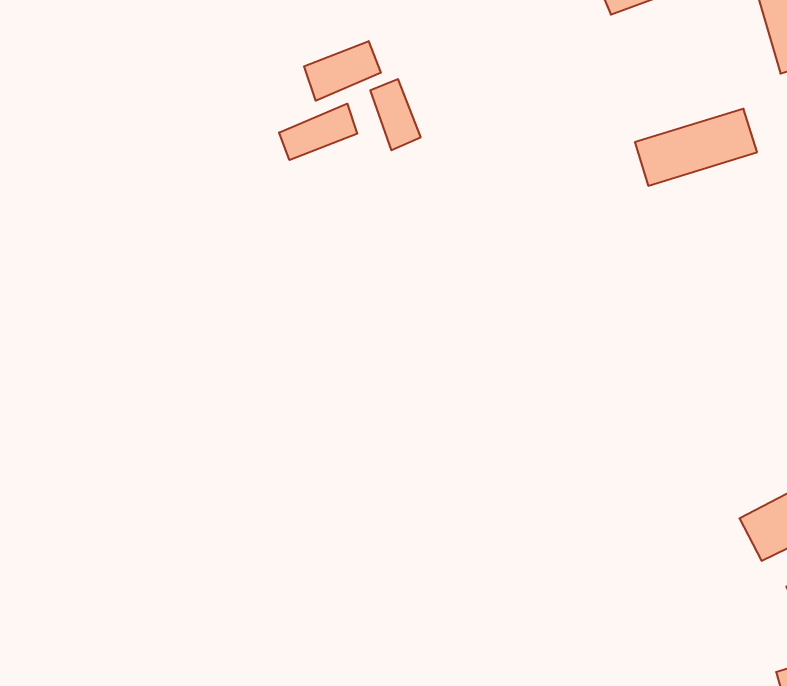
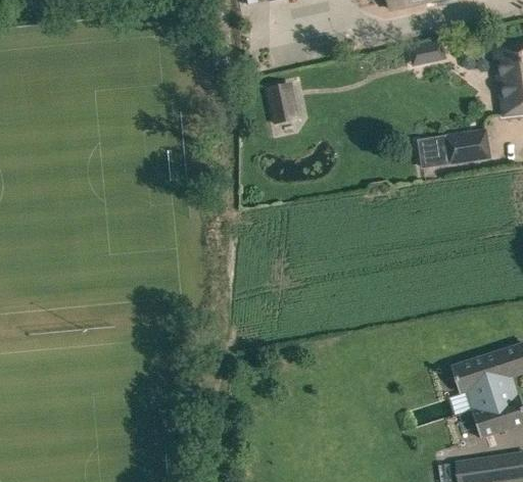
building: [304,41,381,101] -> none
building: [279,104,357,160] -> none

